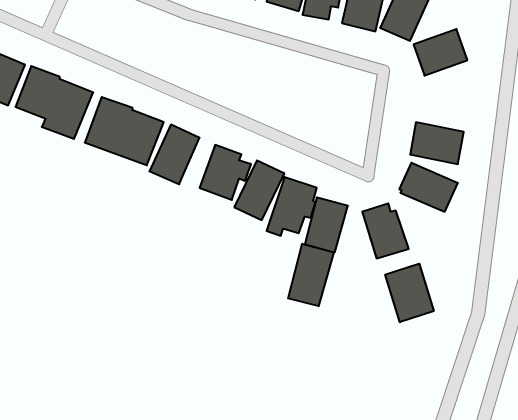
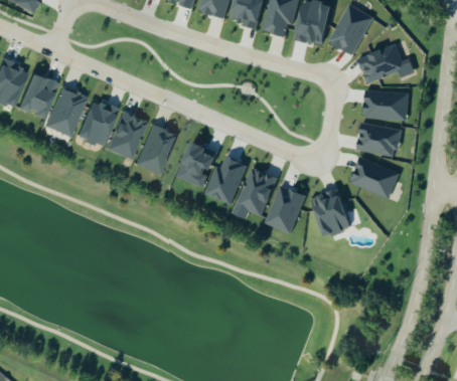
building: none -> [359,90,406,119]
building: [288,244,334,306] -> none
building: [385,264,434,322] -> none

